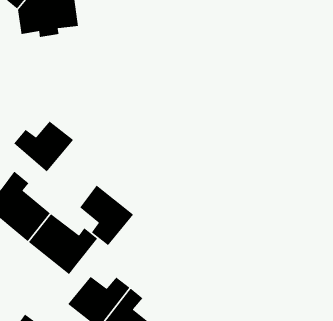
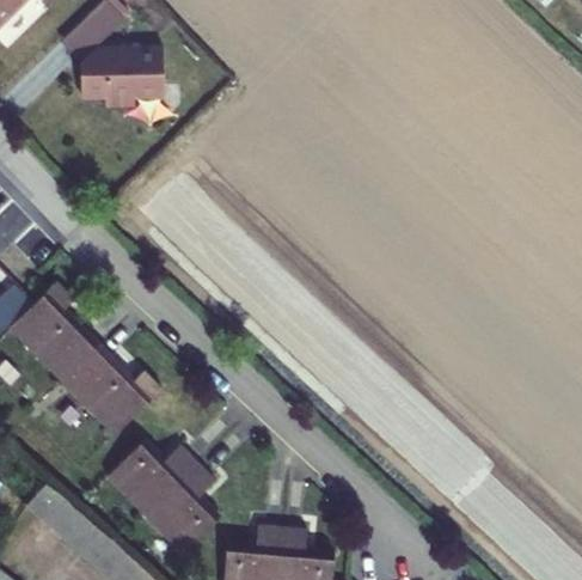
building: [13,120,74,173] -> none
building: [79,185,134,246] -> none

